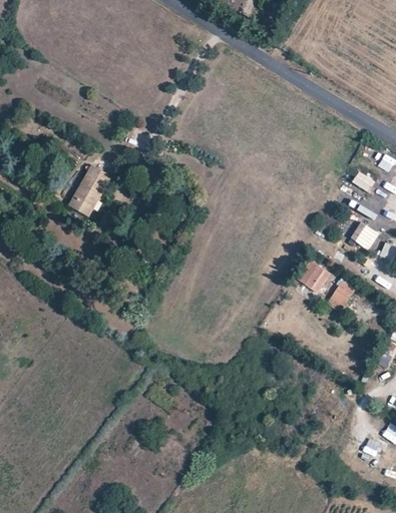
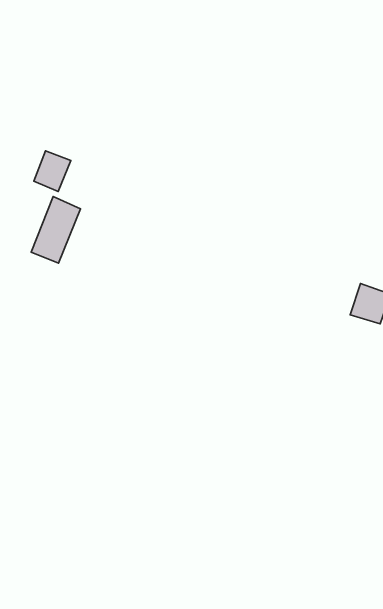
building: none -> [34,151,71,191]

